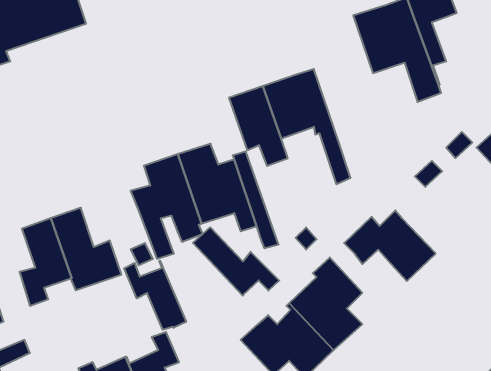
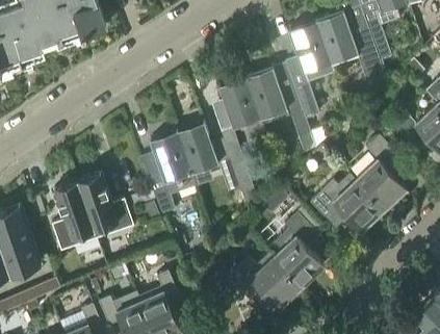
building: none -> [286,21,335,122]
building: none -> [356,160,406,210]
building: [193,227,279,296] -> none
building: [124,261,186,330] -> none

